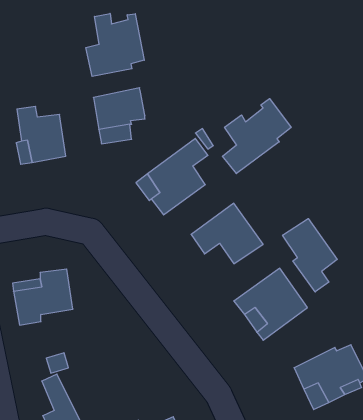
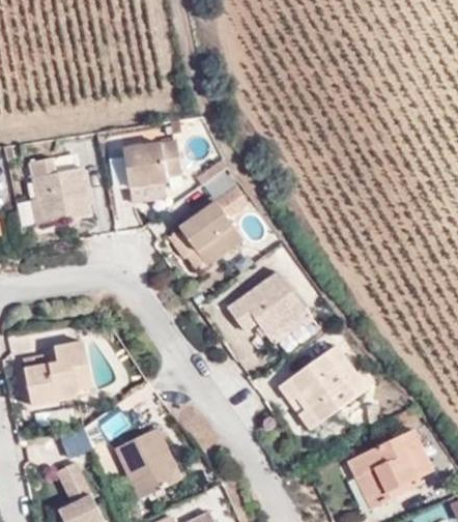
building: [86,13,144,76] -> none
building: [222,99,291,174] -> none
building: [283,219,337,292] -> none
building: none -> [116,433,180,501]

